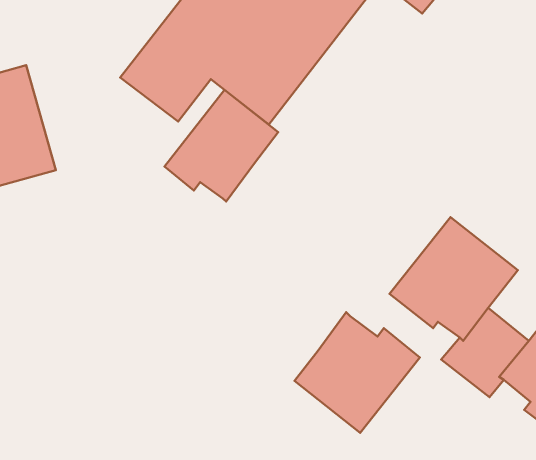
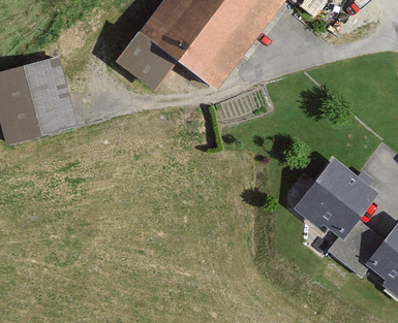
building: [164,90,278,202] -> none
building: [295,312,420,433] -> none

